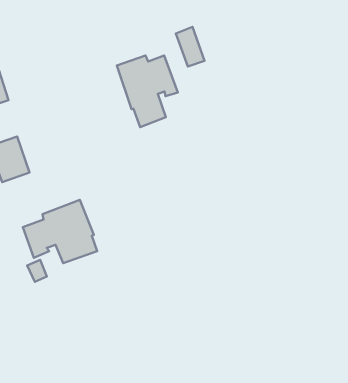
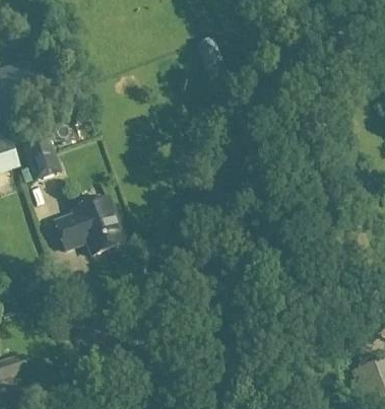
building: [117,55,178,127] -> none

